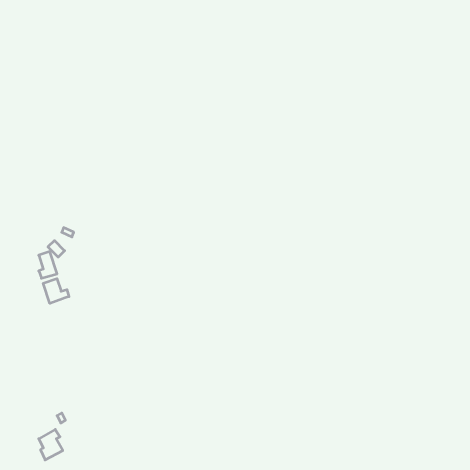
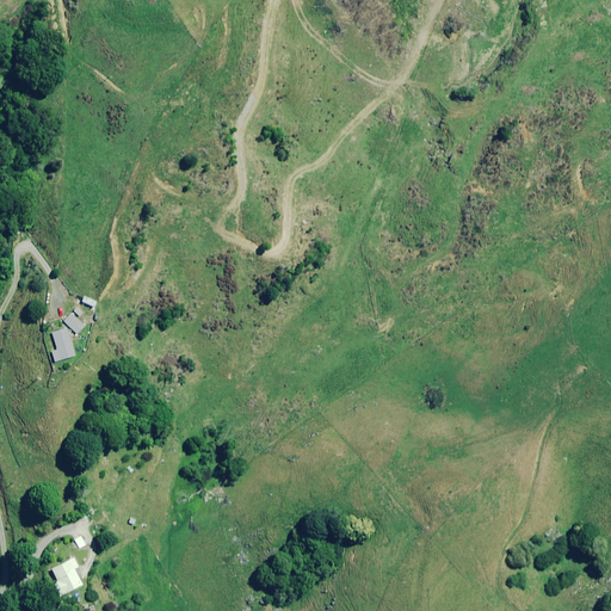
building: [43,279,69,303] -> none

